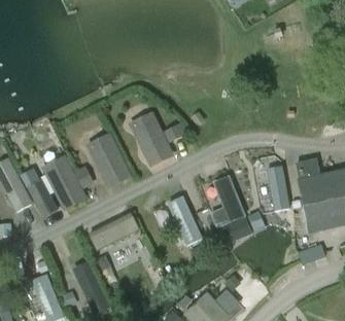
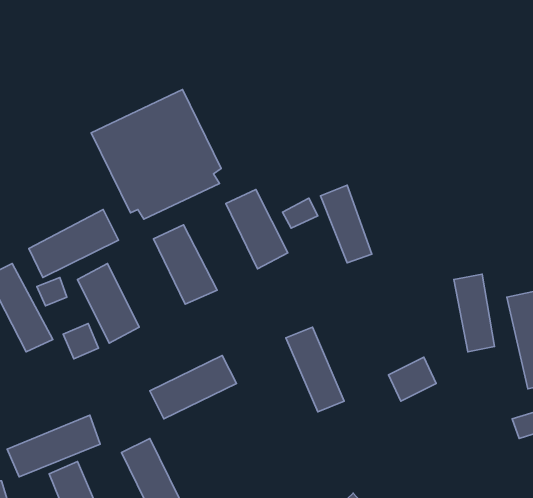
building: none -> [91,90,221,219]
building: none -> [29,210,119,277]
building: [212,176,242,221] -> [321,185,372,263]
building: none -> [7,415,100,477]

